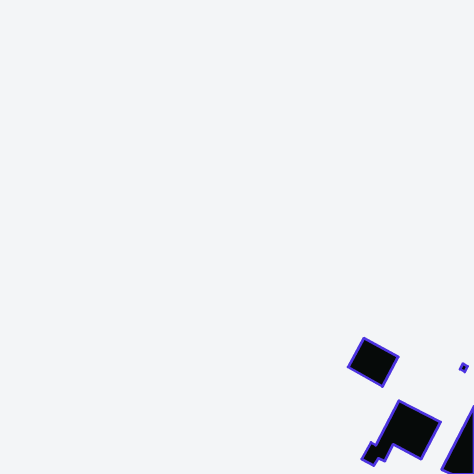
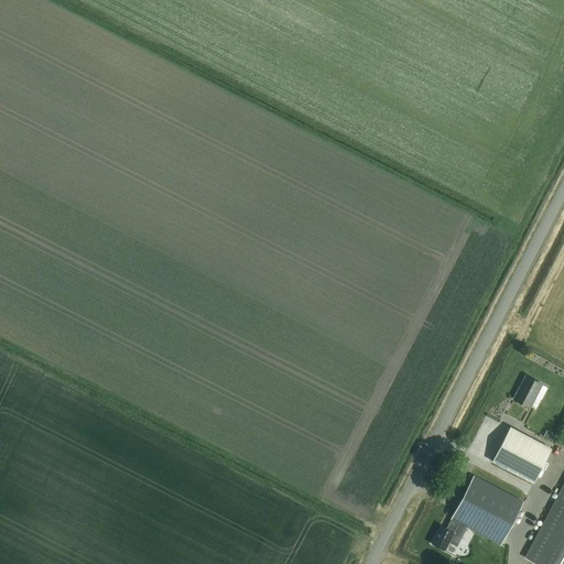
building: none -> [513,376,542,408]
building: [348,338,398,387] -> [492,426,552,484]

